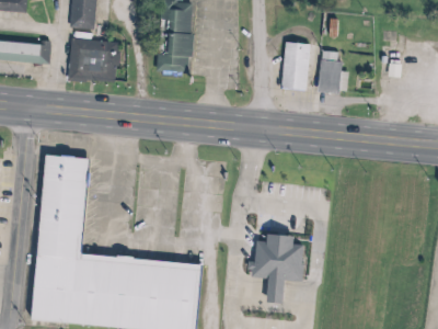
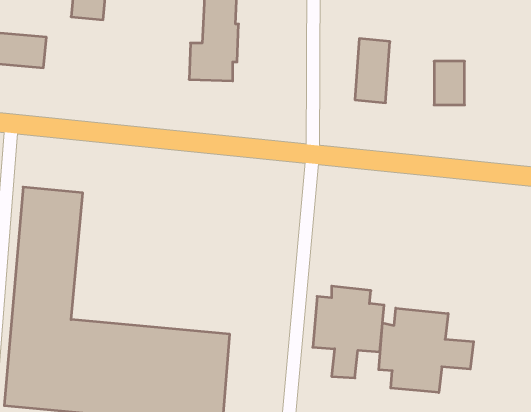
building: [76,38,126,83] -> none
building: [314,61,337,94] -> [434,61,465,105]
building: none -> [379,308,474,393]

